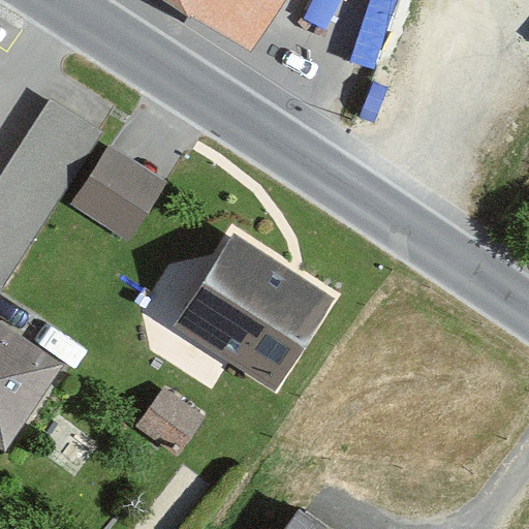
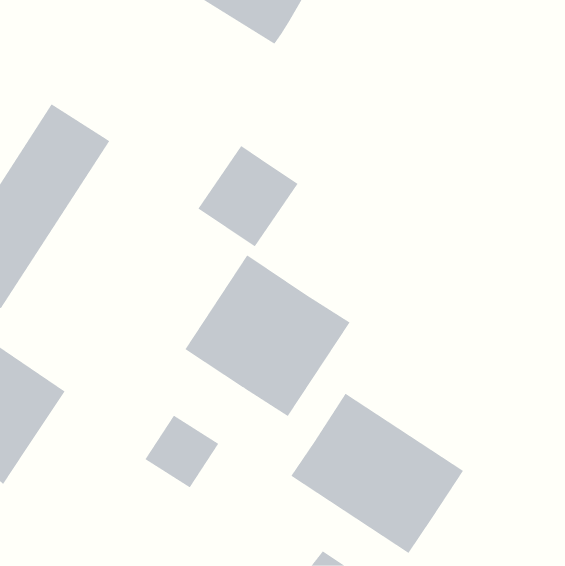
building: [69,144,163,239] -> [197,145,299,247]
building: none -> [290,393,464,554]

